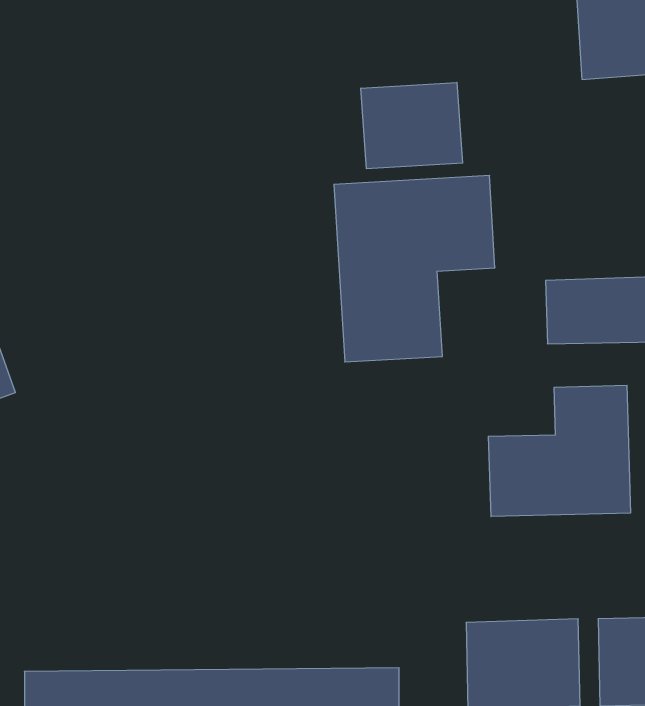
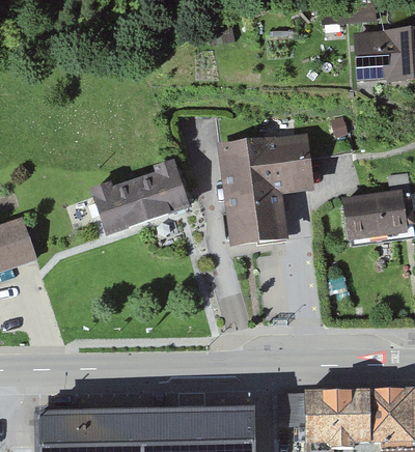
building: [361,82,463,169] -> none
building: none -> [88,166,186,232]
building: [489,385,630,517] -> none

